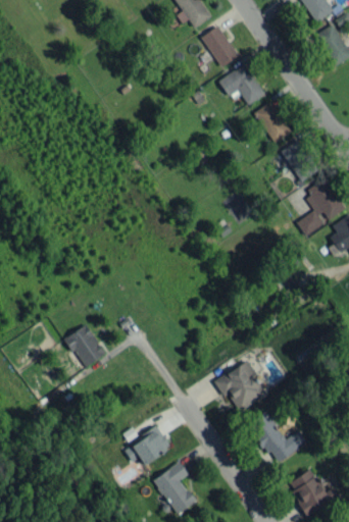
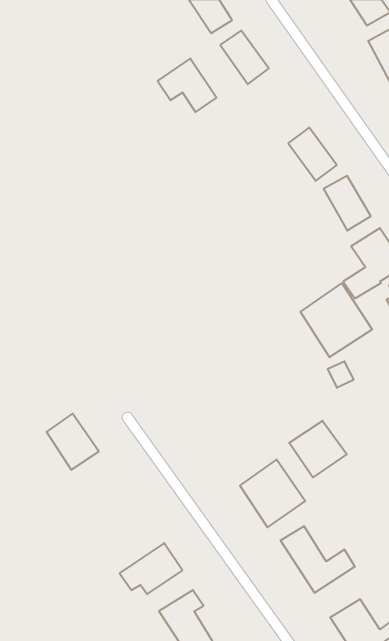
building: [218,64,264,106] -> [158,58,216,112]
building: none -> [301,283,372,357]
building: none -> [289,421,347,477]

